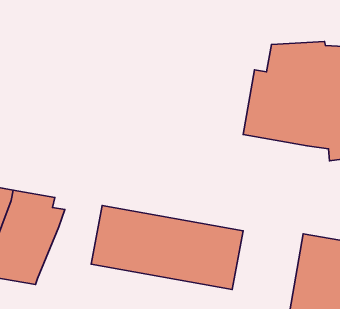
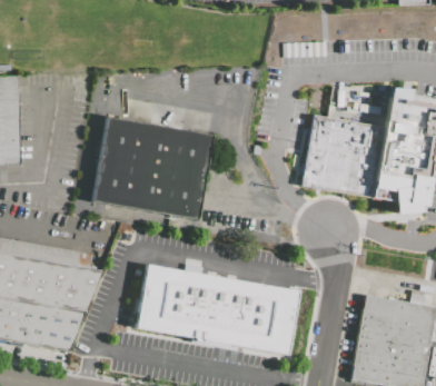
building: none -> [91,117,214,220]

